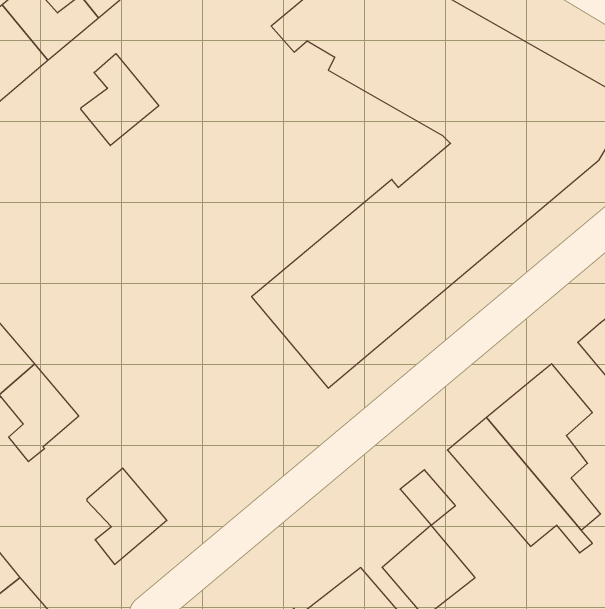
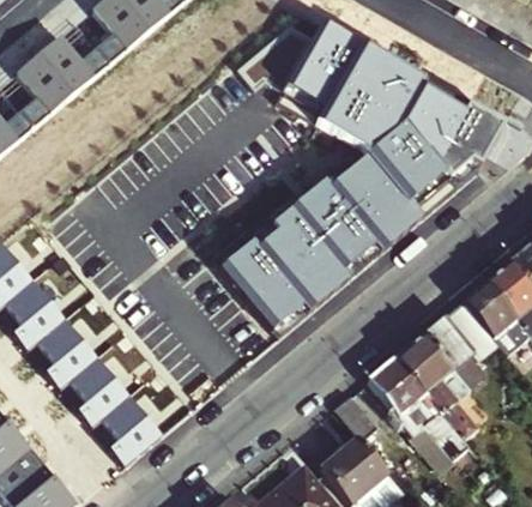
building: [81,54,159,146] -> none
building: none -> [69,354,128,425]

